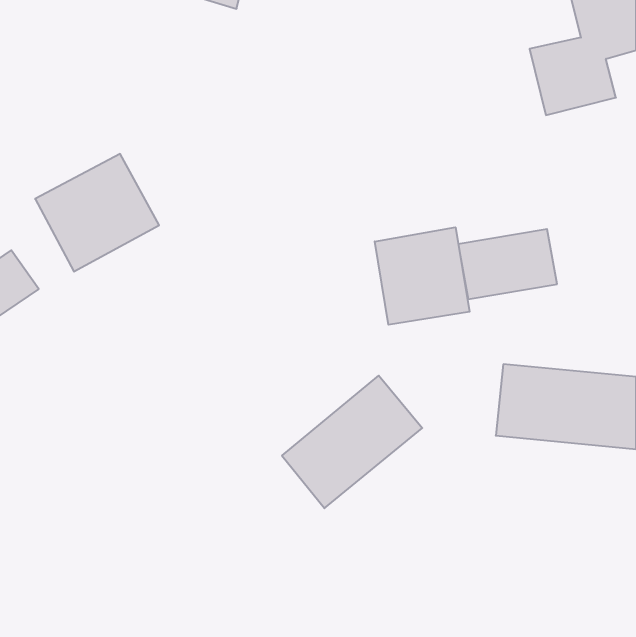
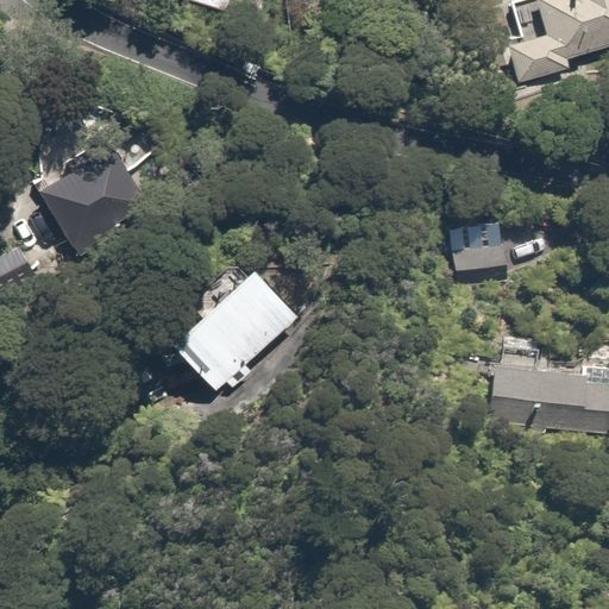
building: [375,227,470,325] -> none
building: [282,376,422,508] -> [172,265,306,391]

